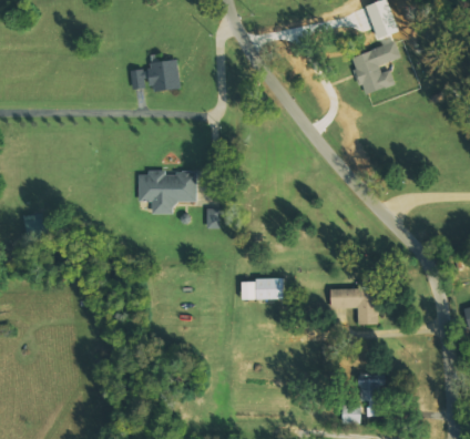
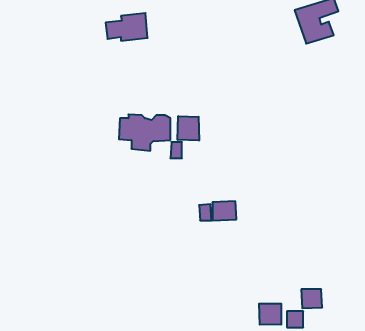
building: none -> [178,116,199,141]
building: [328,286,376,324] -> none
building: none -> [259,304,281,325]

